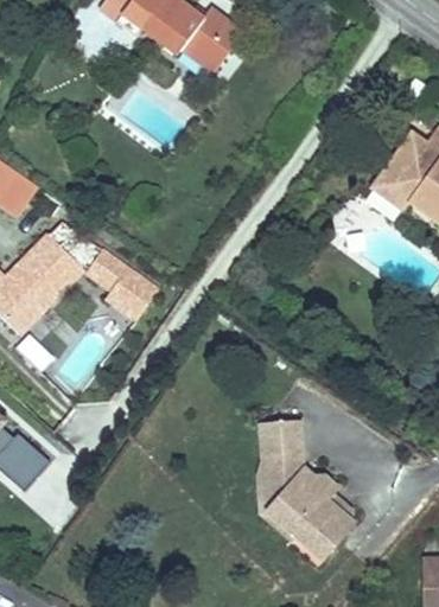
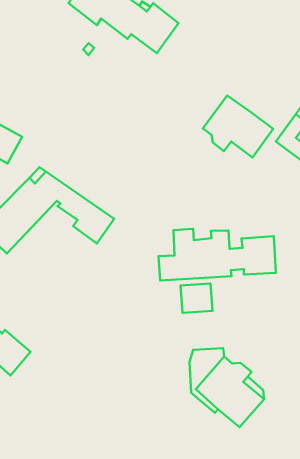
building: none -> [203,96,273,158]
building: none -> [158,229,276,281]
building: [260,421,301,459] -> [181,284,212,313]

